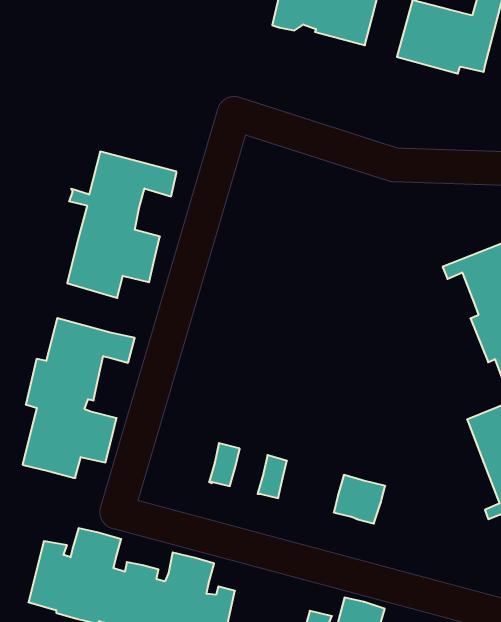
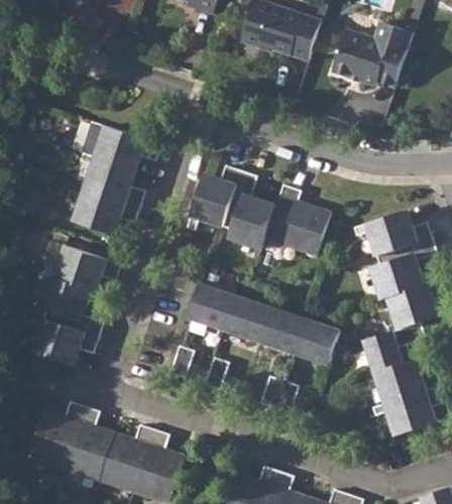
building: none -> [185,166,329,256]
building: none -> [188,284,339,363]

